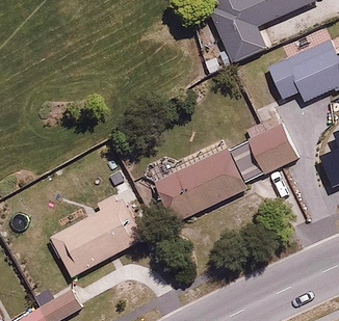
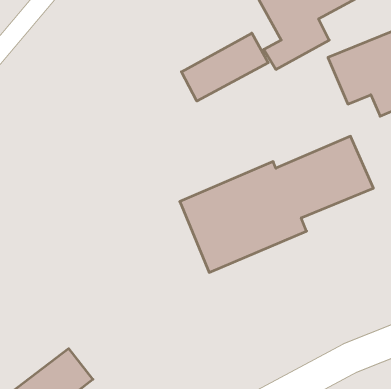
building: none -> [181,33,268,101]
building: [52,190,142,276] -> none

